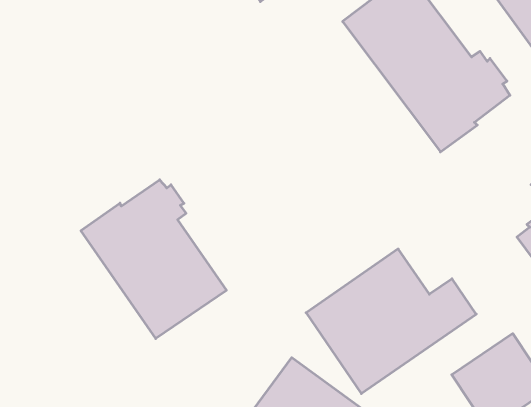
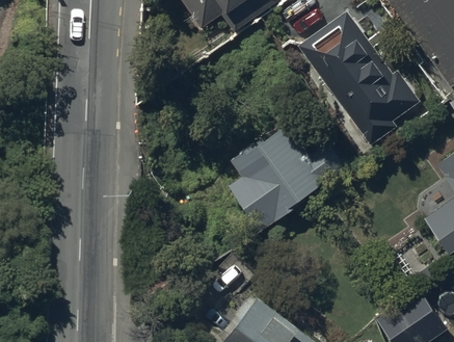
building: [81,180,226,339] -> none
building: [306,249,476,394] -> [224,123,349,229]

